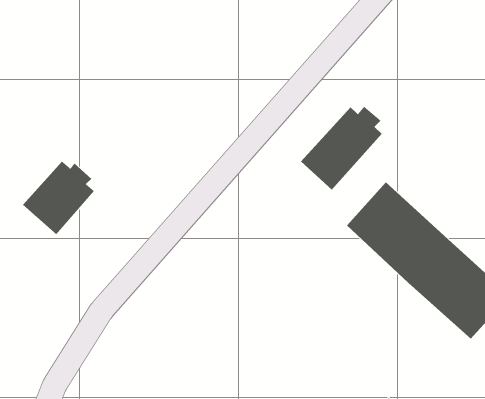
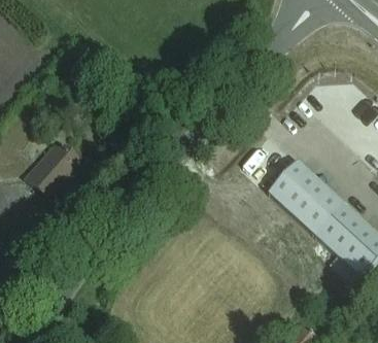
building: [300,106,382,190] -> none

